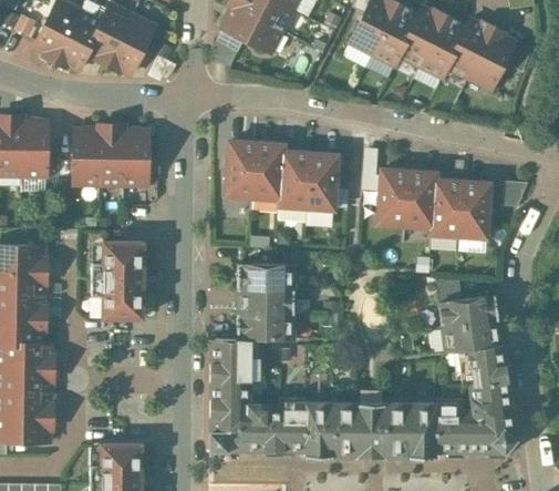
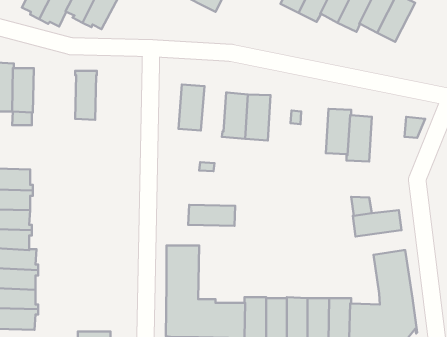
building: [73,131,100,184] -> none
building: [123,131,148,185] -> none
building: [252,144,284,200] -> none
building: [376,170,408,226] -> none
building: [458,182,490,238] -> none
building: [91,243,143,318] -> none
building: [237,265,294,290] -> none
building: [237,314,294,339] -> none
building: [442,320,500,352] -> none

